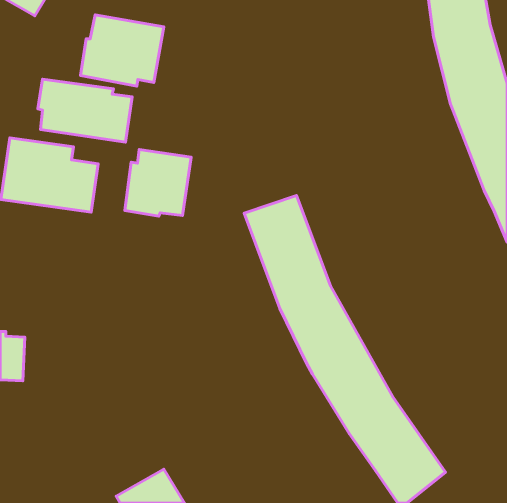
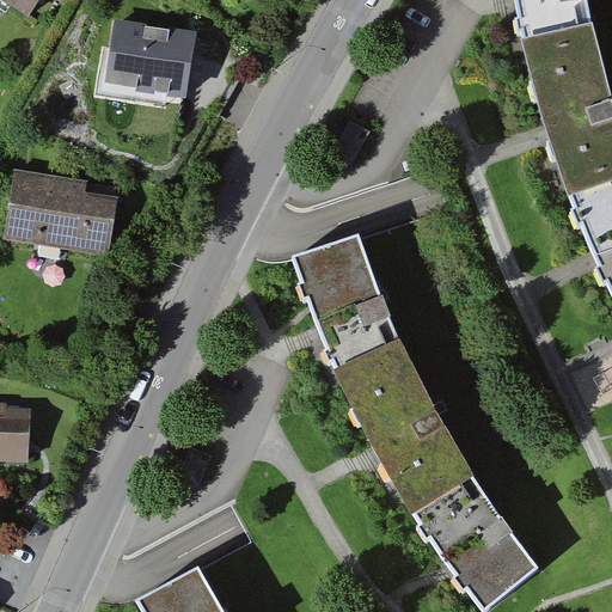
building: [38,79,132,142] -> none
building: [125,150,191,216] -> none

